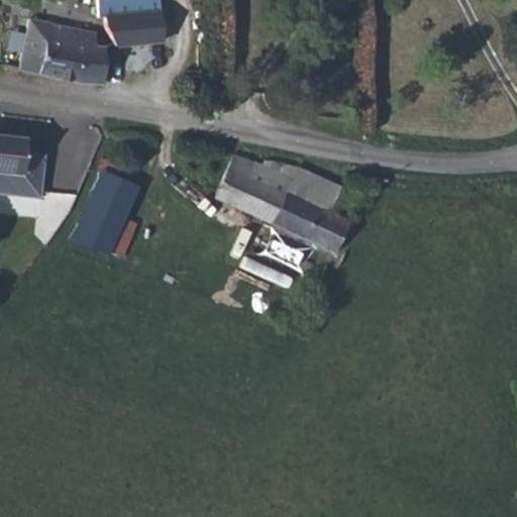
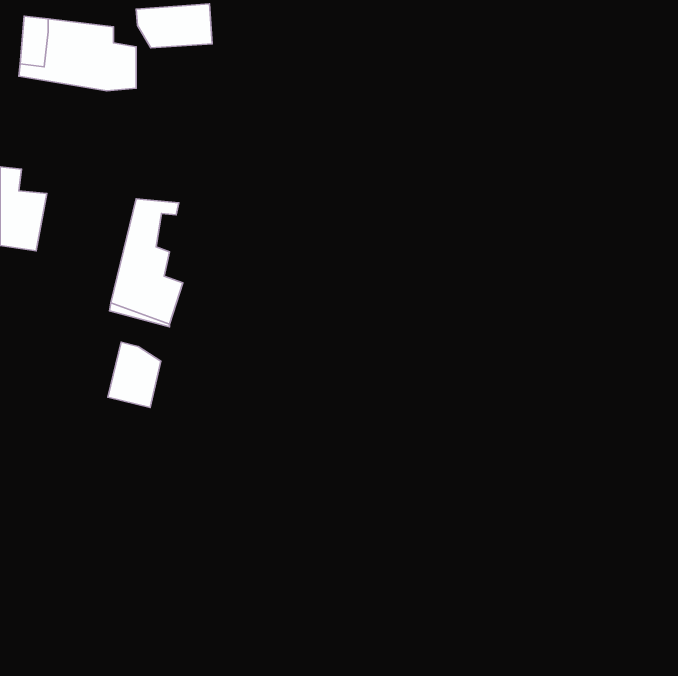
building: [218,164,349,254] -> none
building: none -> [108,342,161,407]

